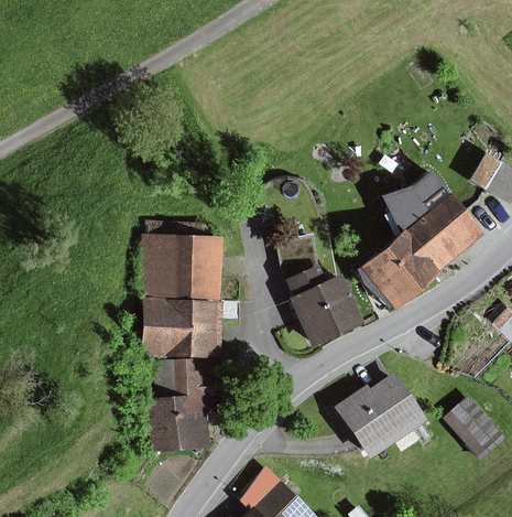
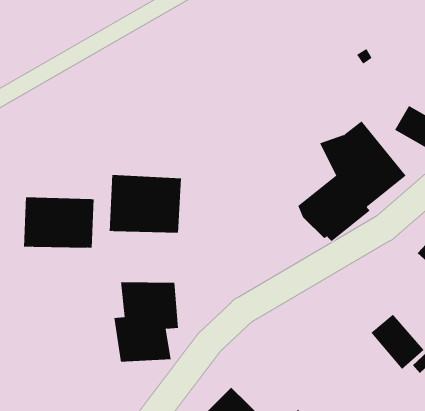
building: [276,235,363,347] -> none
building: [140,299,222,358] -> [23,197,94,248]
building: [333,373,426,459] -> none

